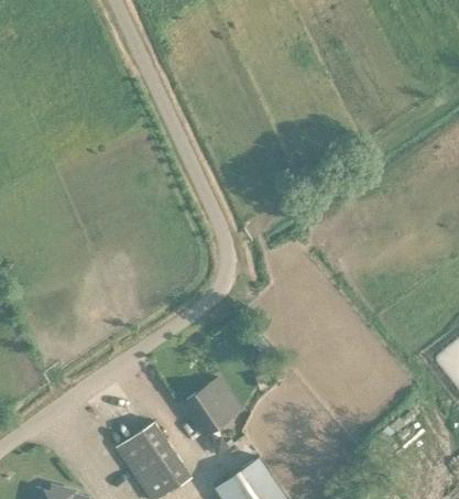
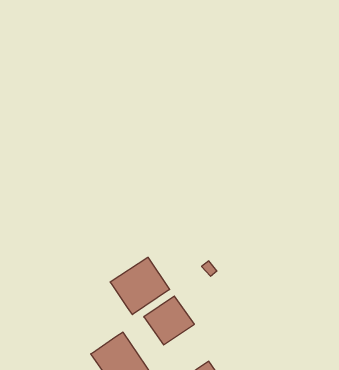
building: none -> [110,257,170,315]

